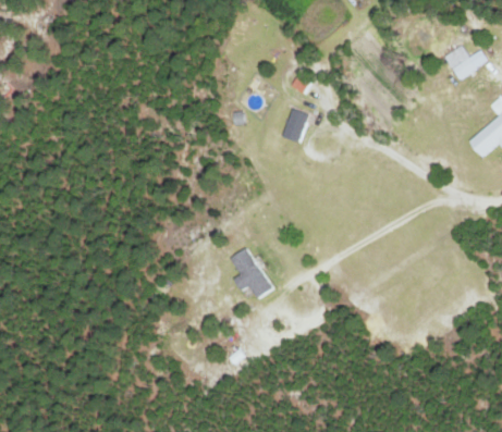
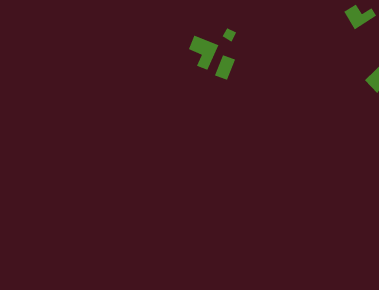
building: none -> [188,35,220,71]
building: [230,249,273,299] -> none

